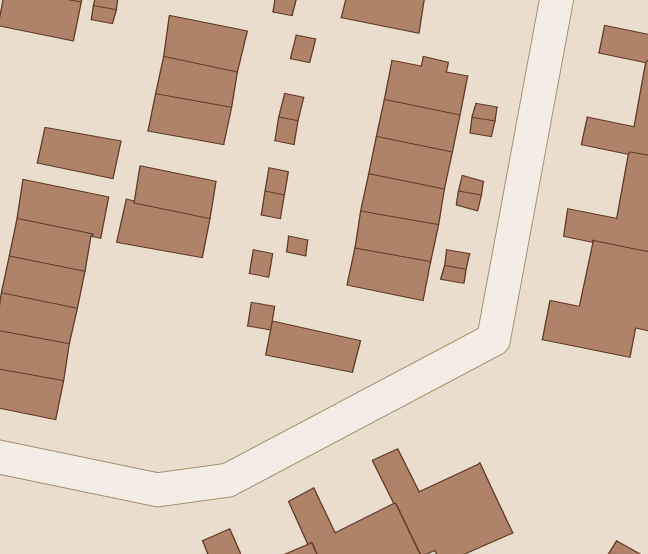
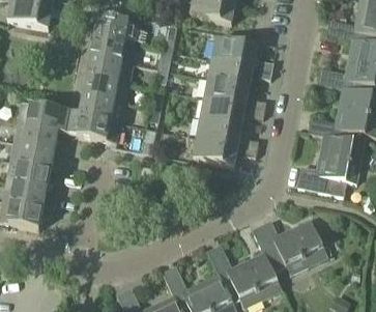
building: [37,128,121,178] -> [83,75,127,102]
building: [266,321,360,372] -> none
building: none -> [252,218,327,274]

